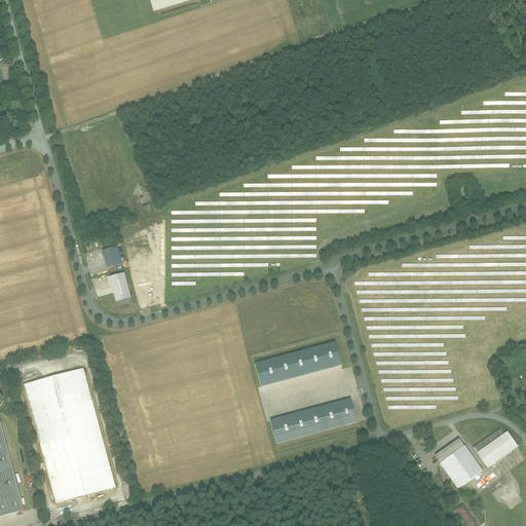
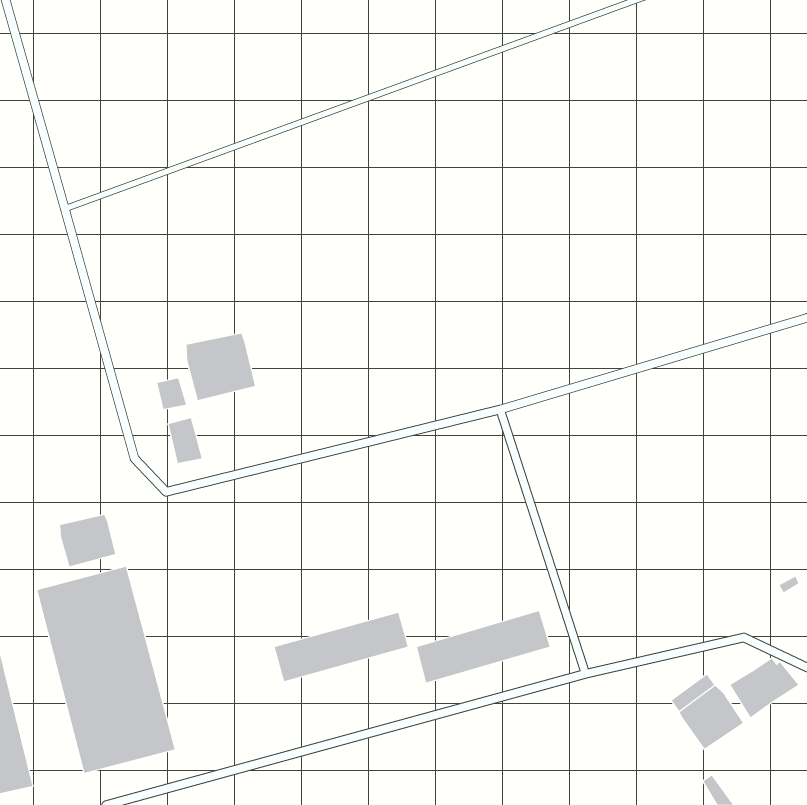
building: none -> [186,333,255,401]
building: none -> [60,514,116,567]
building: [253,341,340,386] -> [274,612,408,682]

